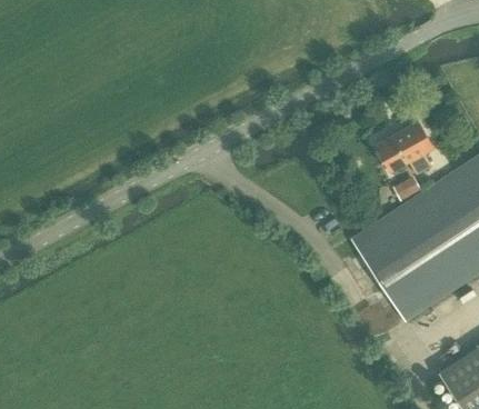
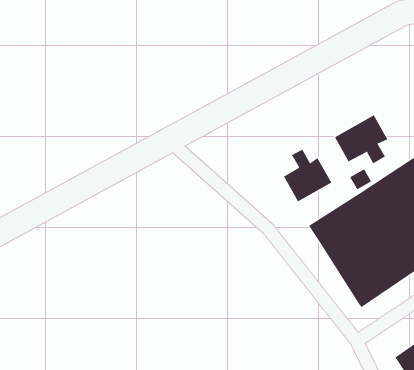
building: none -> [283,149,332,202]

